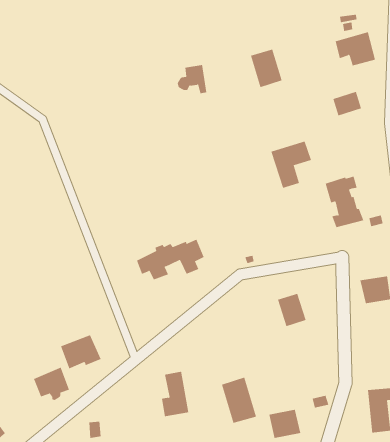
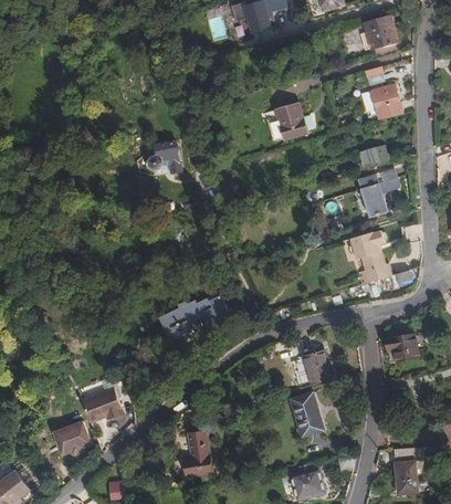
building: [177,64,207,94] -> [148,143,179,172]
building: [271,141,312,188] -> [357,168,399,217]
building: [221,377,257,423] -> [289,390,325,438]

